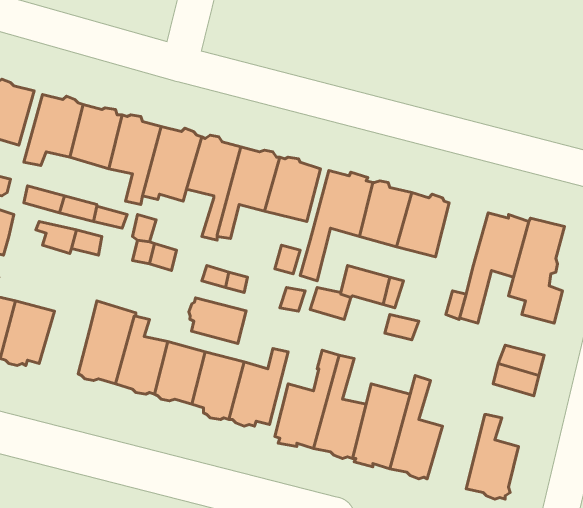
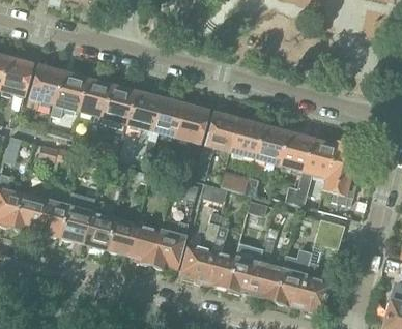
building: none -> [278,131,310,172]
building: [189,298,246,343] -> none
building: none -> [35,199,67,237]
building: none -> [272,250,311,307]

